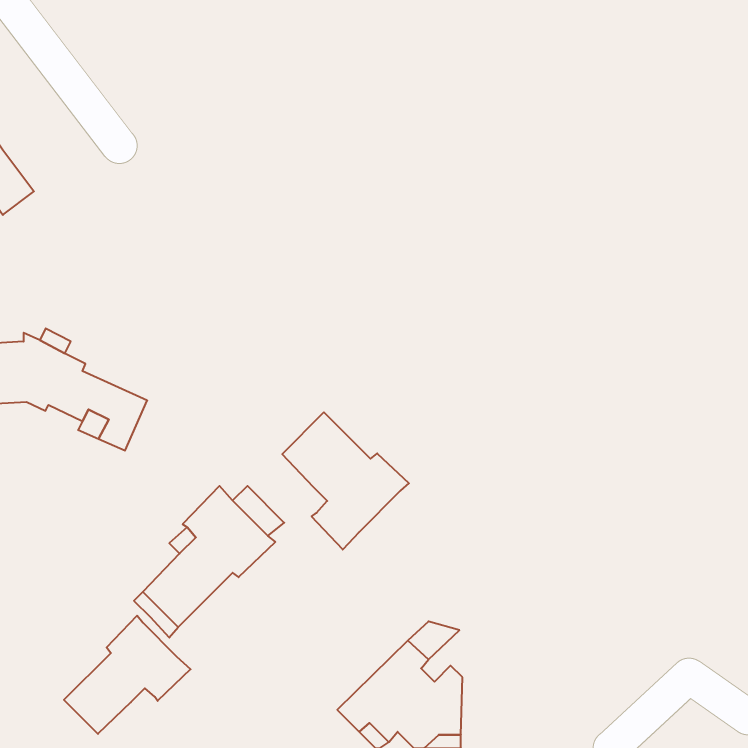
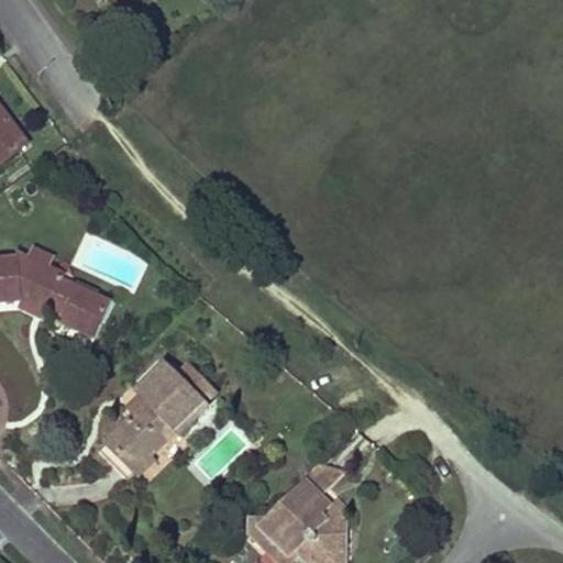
building: [282,412,409,550] -> none
building: [64,616,191,734] -> none

